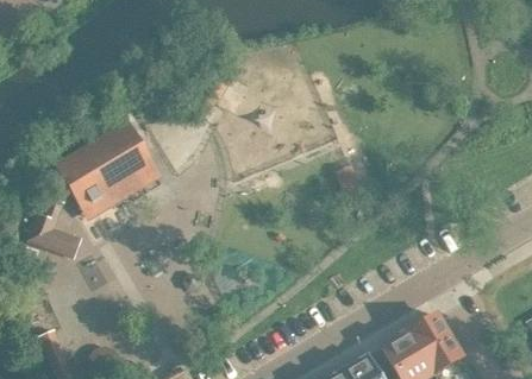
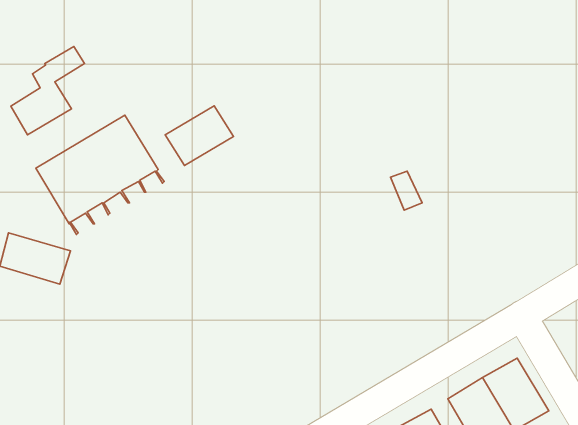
building: none -> [11,47,85,135]
building: none -> [165,106,234,165]

